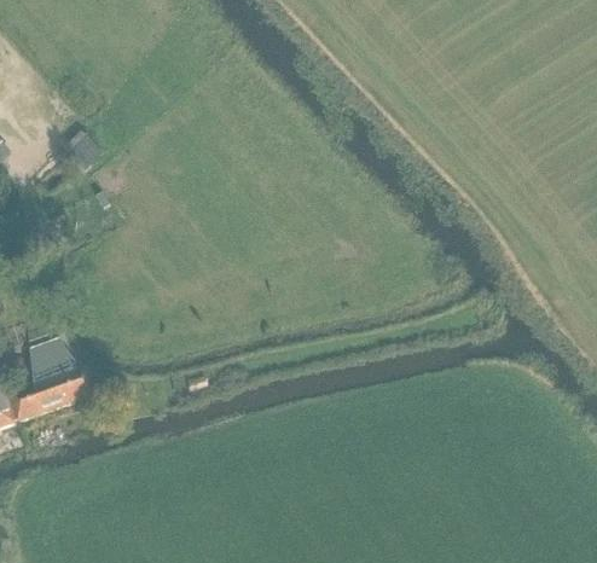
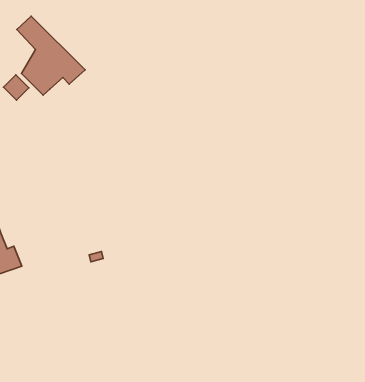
building: none -> [17,16,85,95]

